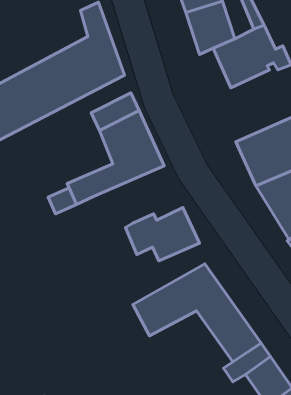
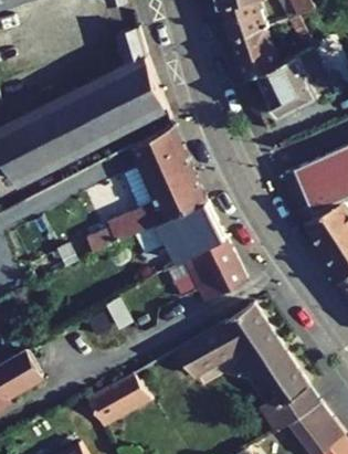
building: none -> [135,201,229,262]
building: none -> [85,372,147,425]

